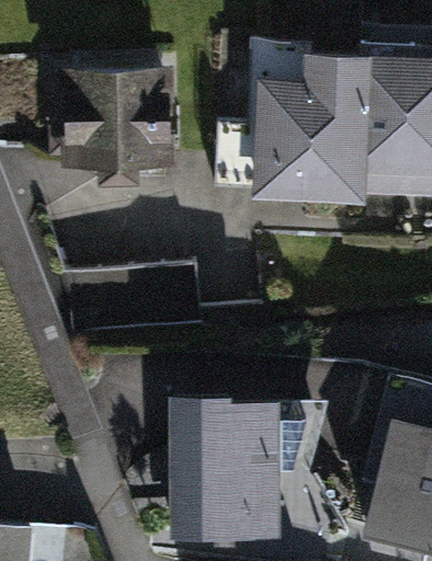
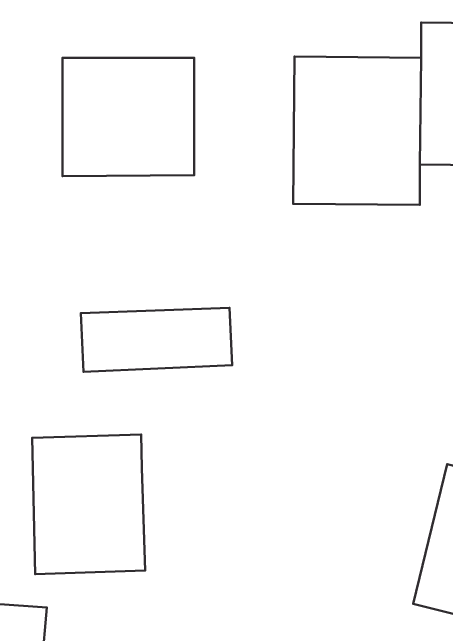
building: none -> [32,434,145,574]
building: [169,388,281,536] -> none

